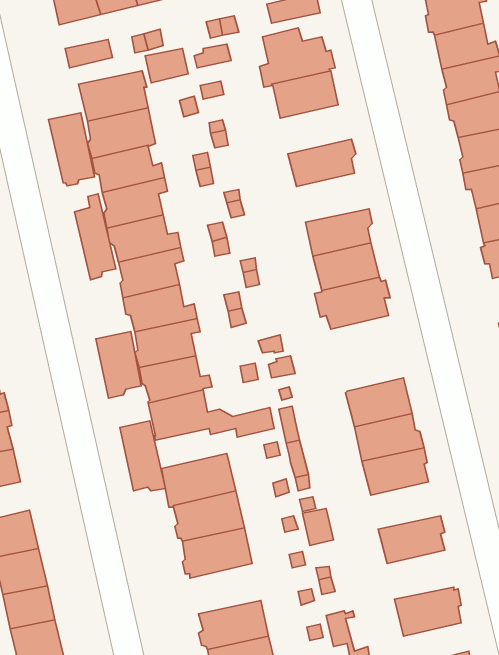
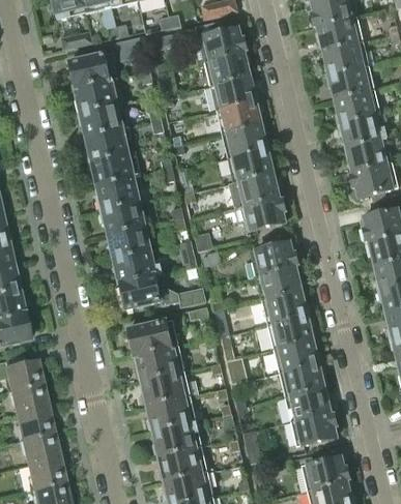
building: none -> [210,77,260,111]
building: [48,113,94,186] -> none
building: none -> [222,124,273,158]
building: [74,194,116,280] -> none
building: [96,332,141,398] -> none
building: none -> [245,243,298,279]
building: [120,421,165,491] -> none
building: none -> [274,339,322,373]
building: none -> [285,387,332,421]
building: none -> [147,396,197,432]

